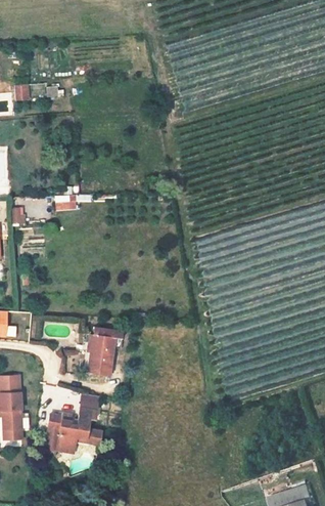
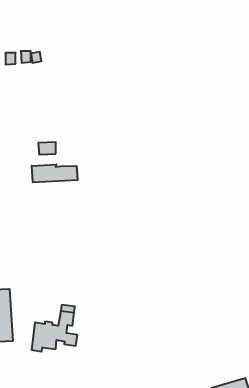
building: none -> [32,164,77,182]
building: [86,328,123,374] -> none

